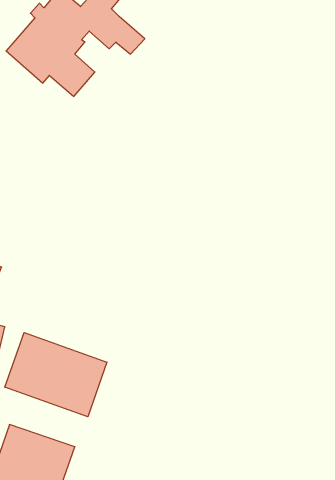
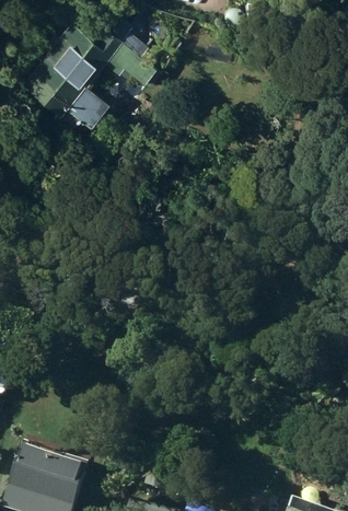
building: [5,333,107,417] -> none

